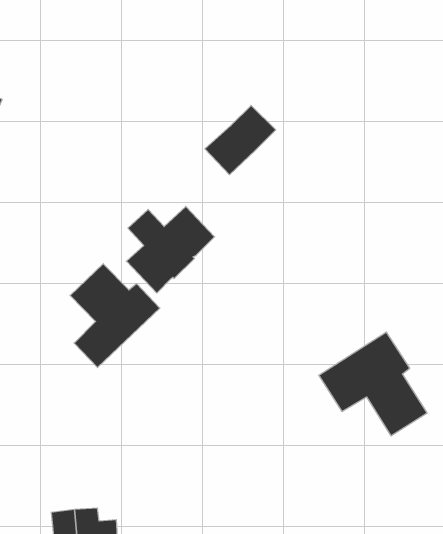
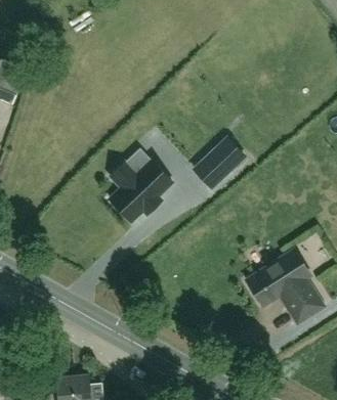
building: [205,105,276,175] -> [194,139,244,188]
building: [70,264,160,368] -> none

